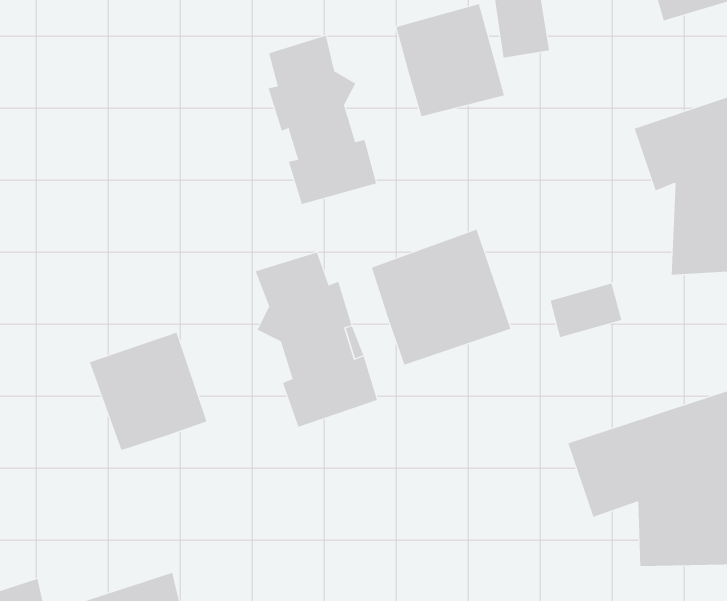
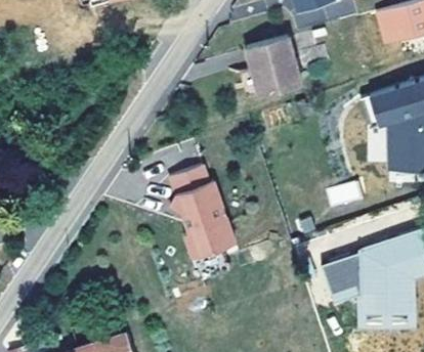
building: [268,35,377,205] -> none
building: [371,229,511,365] -> none
building: [89,332,207,451] -> none

